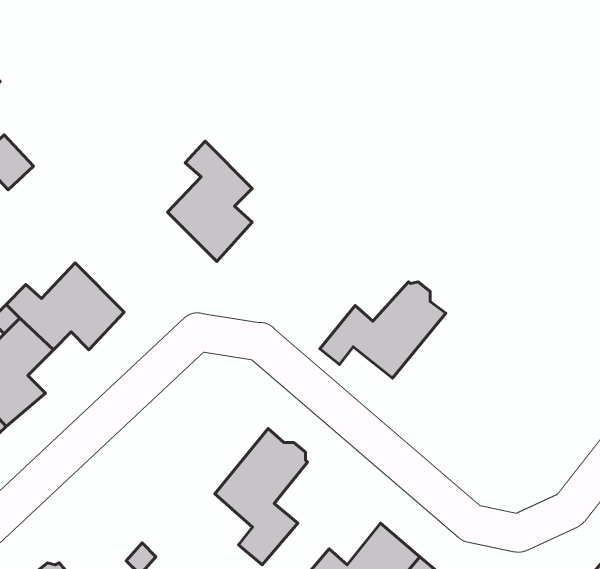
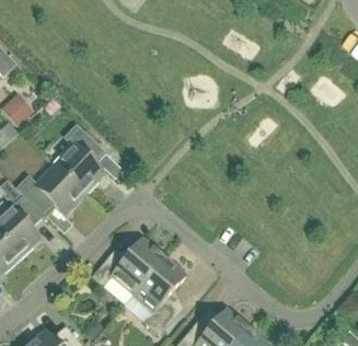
building: [168,141,252,262] -> [55,126,102,193]
building: [320,282,446,378] -> [92,240,162,293]

